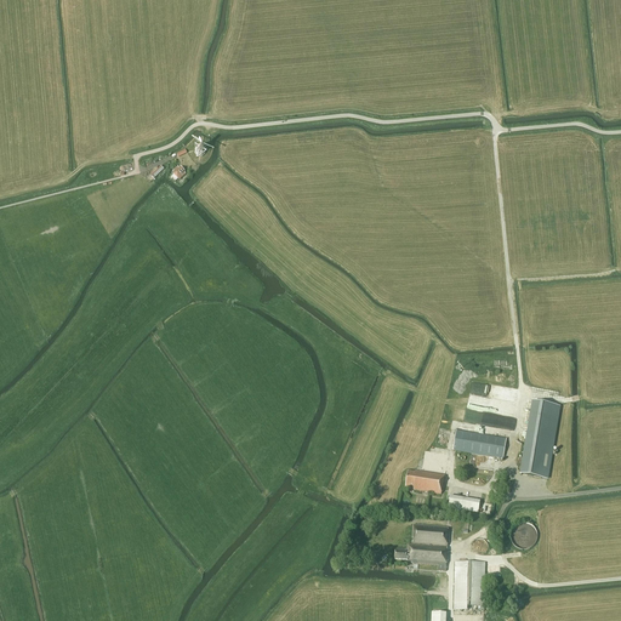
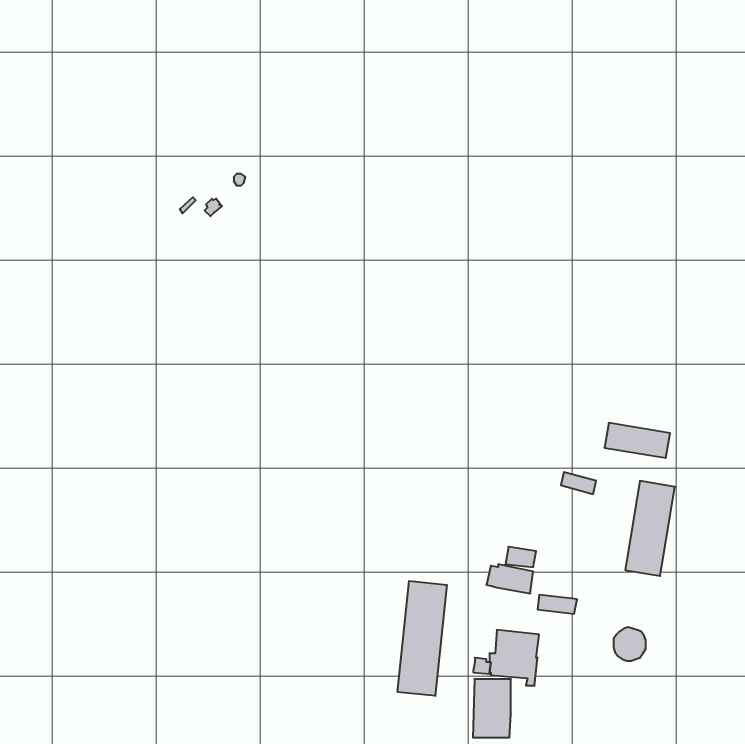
building: [451,428,506,457] -> [604,423,670,458]
building: none -> [398,581,447,696]
building: [452,560,484,609] -> [473,679,511,738]

